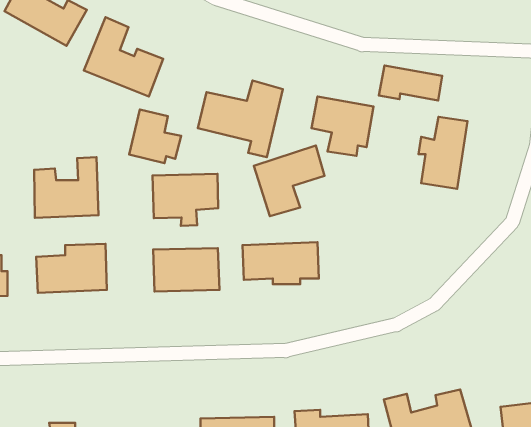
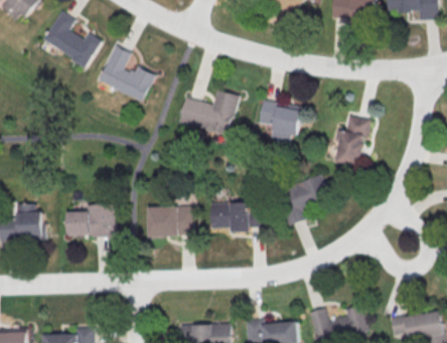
building: [379,66,442,100] -> none
building: [129,110,181,163] -> none
building: [254,146,325,216] -> [278,175,327,224]
building: [34,157,98,218] -> none
building: [153,174,218,226] -> none

